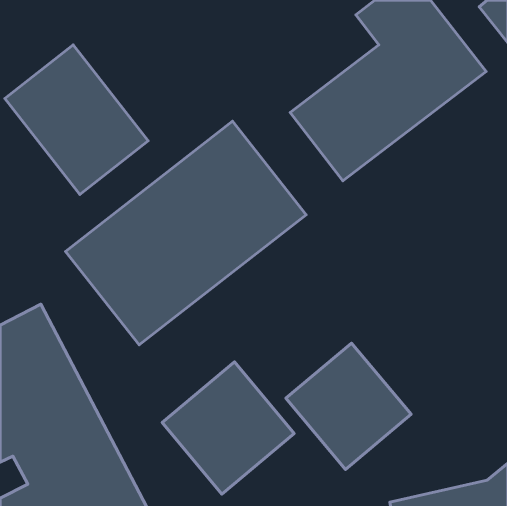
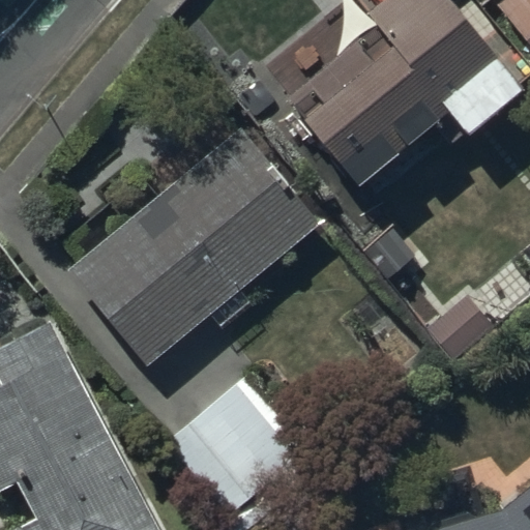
building: [5,45,148,194] -> none
building: [286,343,411,469] -> none

